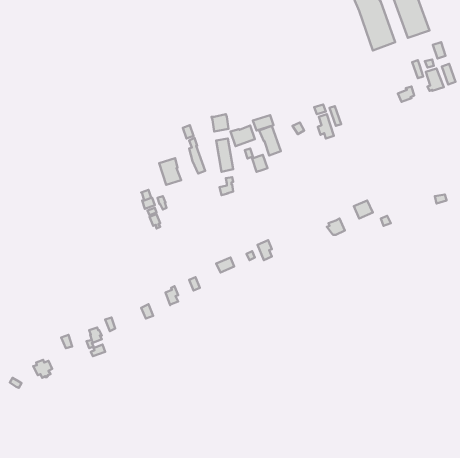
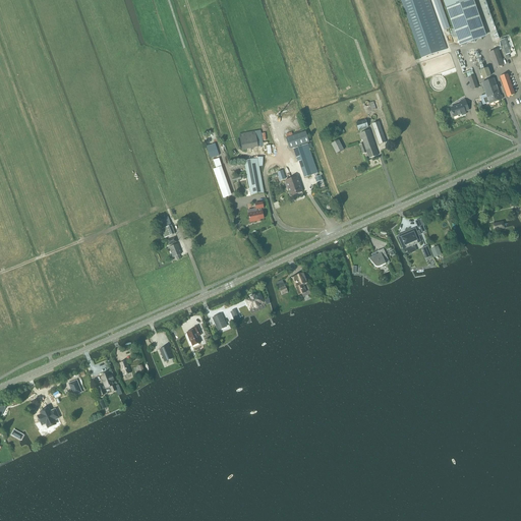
building: [230,125,255,146] -> none
building: [159,158,181,185] -> none

